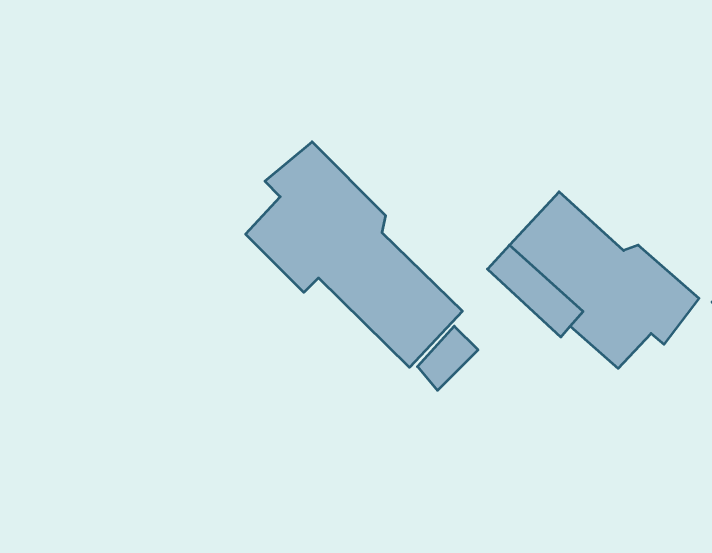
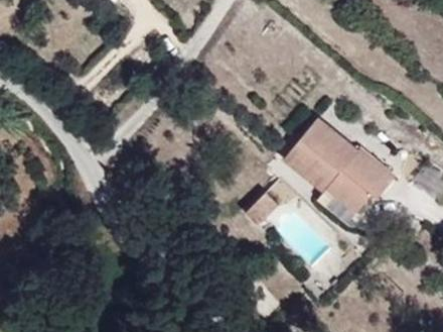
building: [246,142,462,367] -> none

